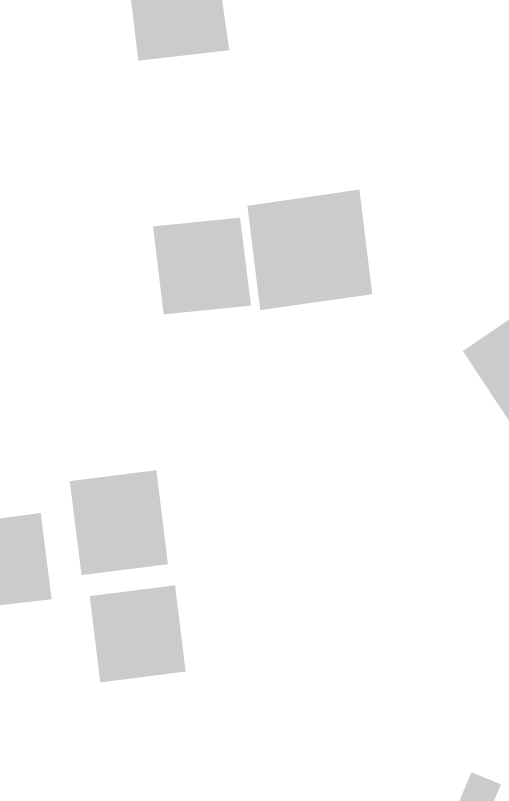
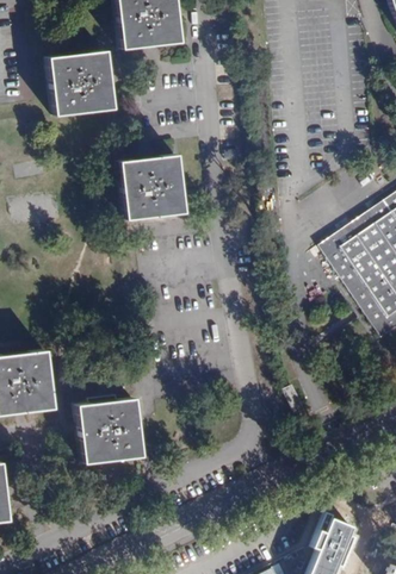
building: none -> [50,49,116,117]
building: [247,189,373,311] -> none
building: [69,469,169,576] -> none

